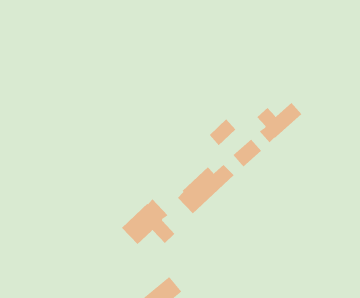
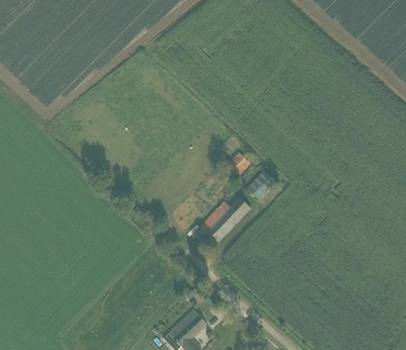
building: [256,102,302,143] -> none
building: [121,198,175,245] -> none

